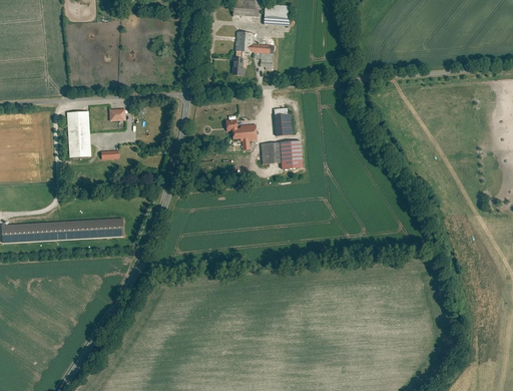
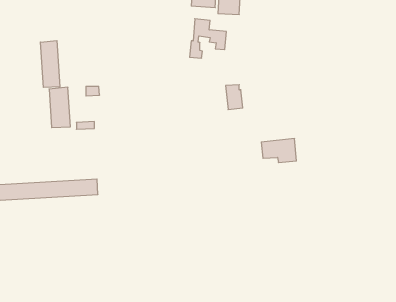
building: none -> [40,41,60,87]
building: [224,118,256,149] -> none
building: [262,140,303,168] -> [261,139,296,163]

